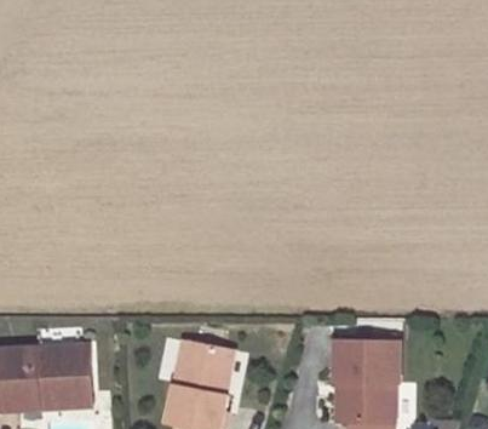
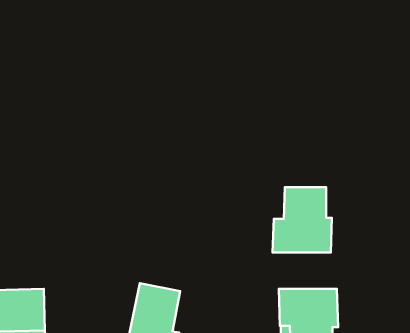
building: none -> [273,187,332,252]

